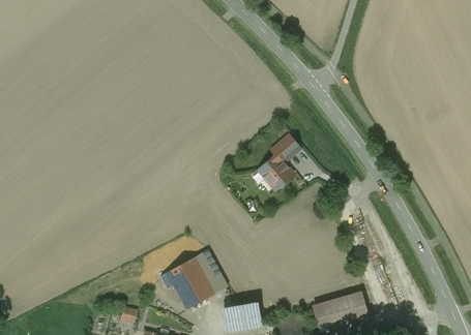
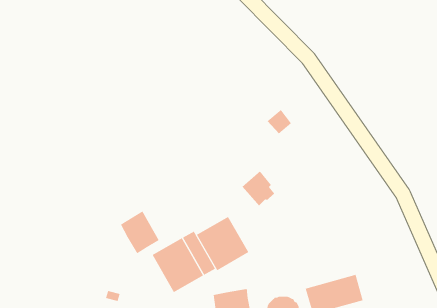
building: [259,154,291,188] -> [242,171,275,206]
building: none -> [120,210,160,254]
building: none -> [196,216,249,271]

